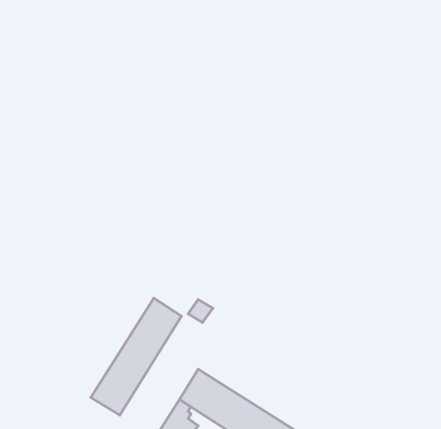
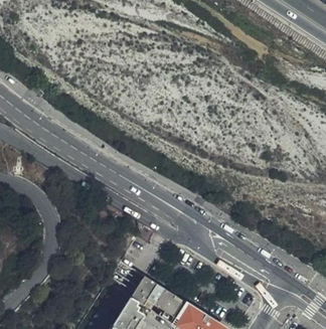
building: [91,298,182,415] -> none

